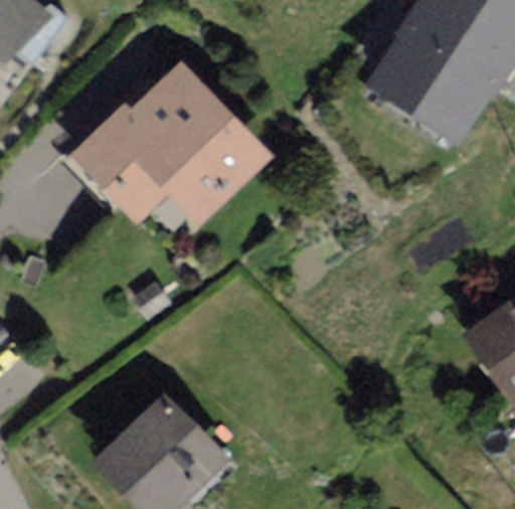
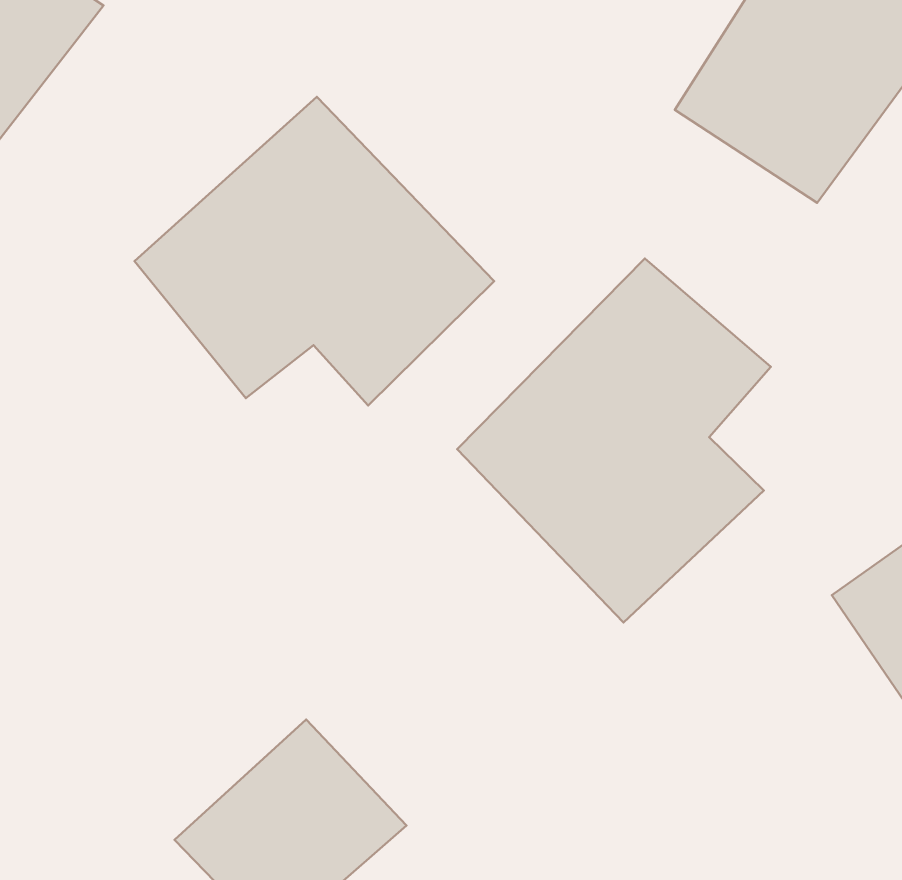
building: none -> [457,259,771,623]

